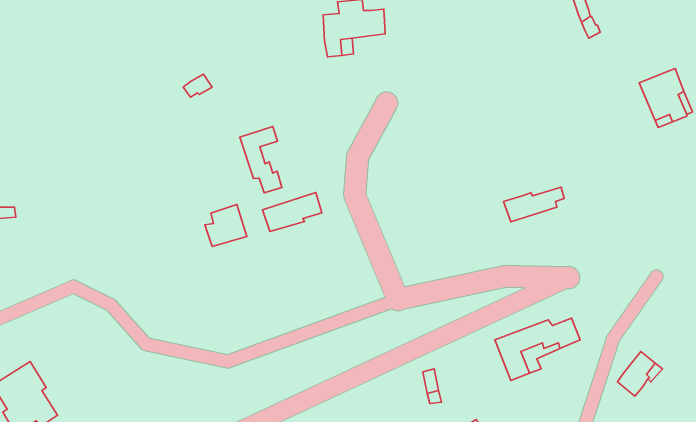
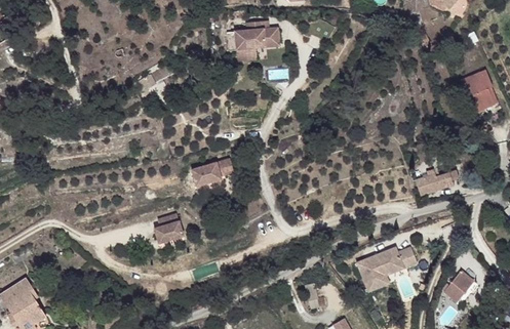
building: [240,127,282,193] -> none
building: [503,187,564,222] -> [416,169,459,194]
building: [205,205,247,247] -> [154,212,184,242]

